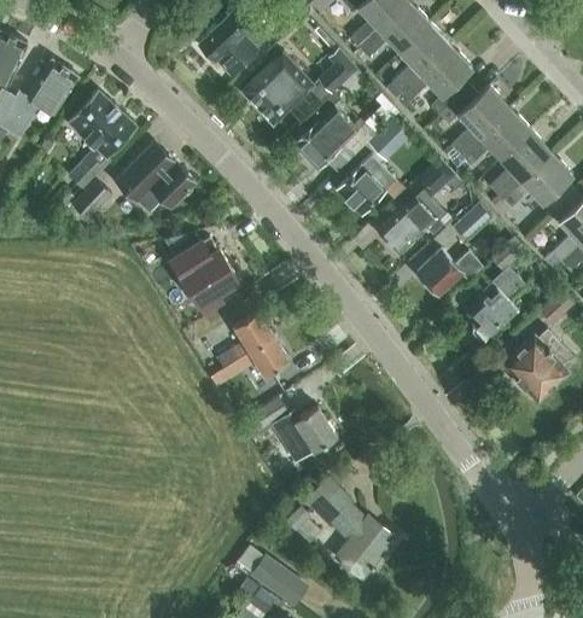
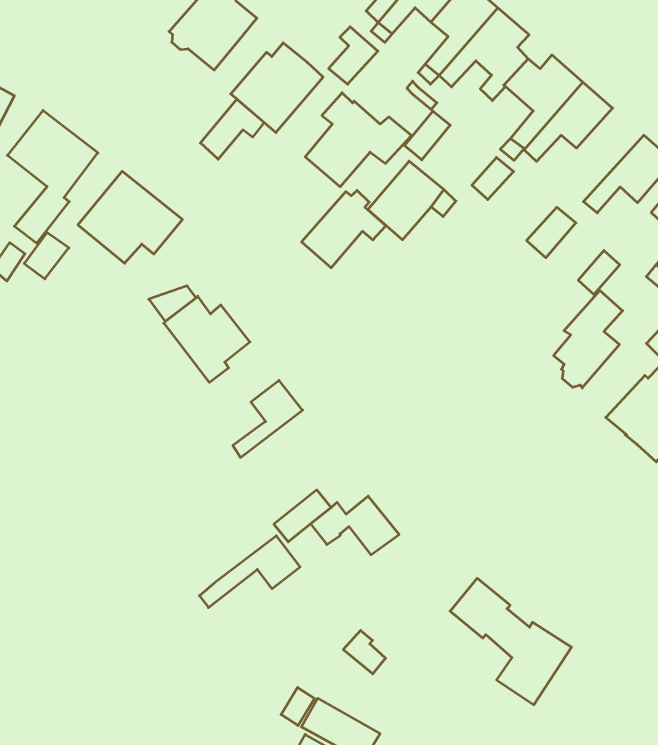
building: none -> [200,99,264,159]
building: [492,130,552,199] -> none
building: [378,197,443,253] -> [302,190,386,268]
building: [416,250,483,296] -> none
building: [210,337,288,386] -> [199,536,300,608]
building: [305,478,395,578] -> [450,578,571,705]

